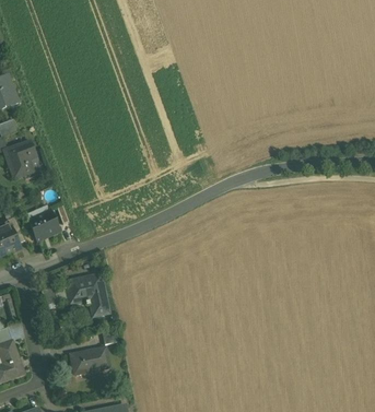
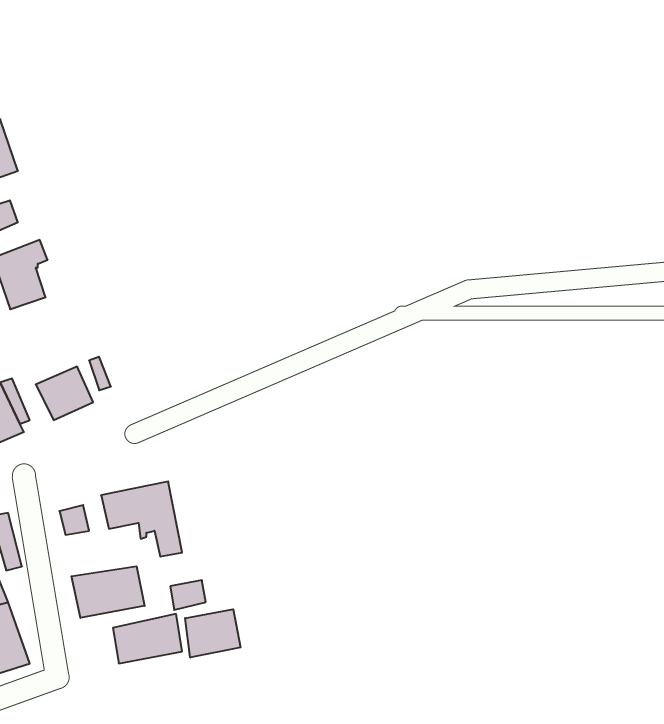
building: none -> [71,566,145,618]
building: none -> [185,609,240,658]

